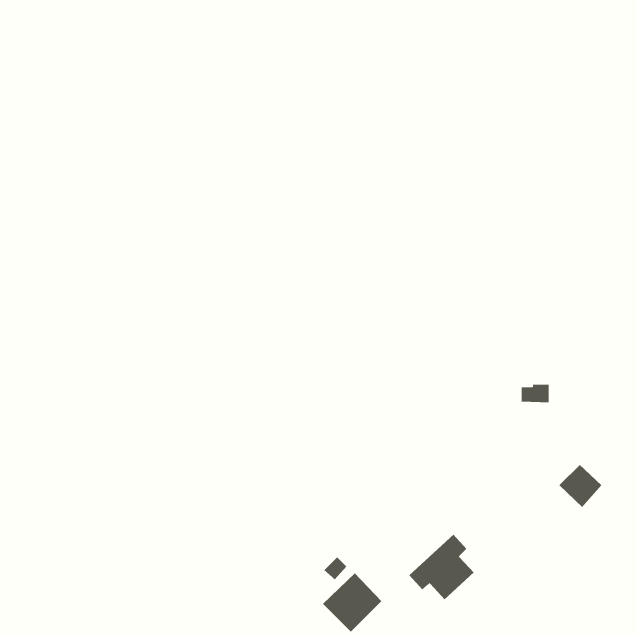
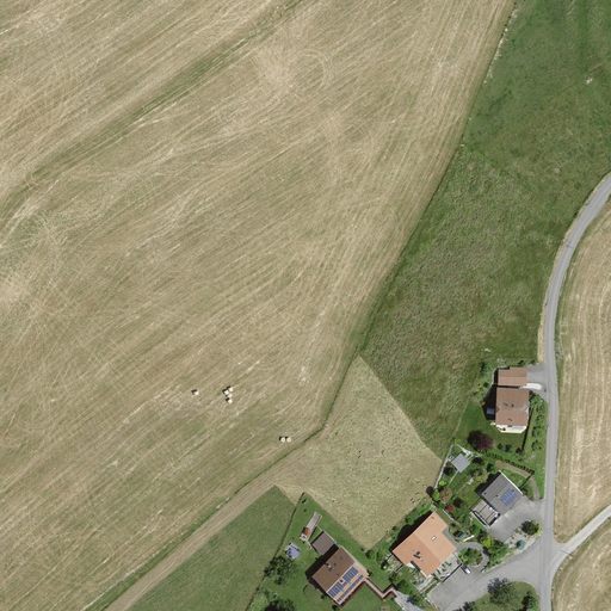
building: none -> [495,388,529,425]
building: [558,464,602,508] -> [480,473,521,514]

